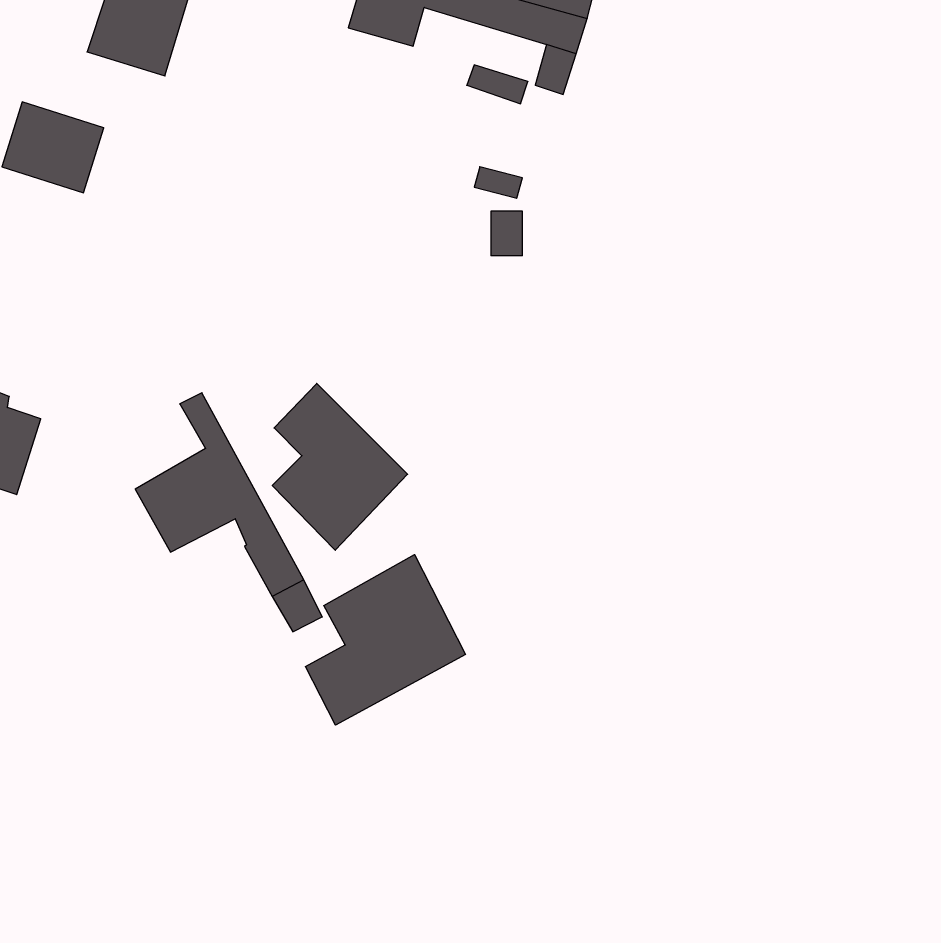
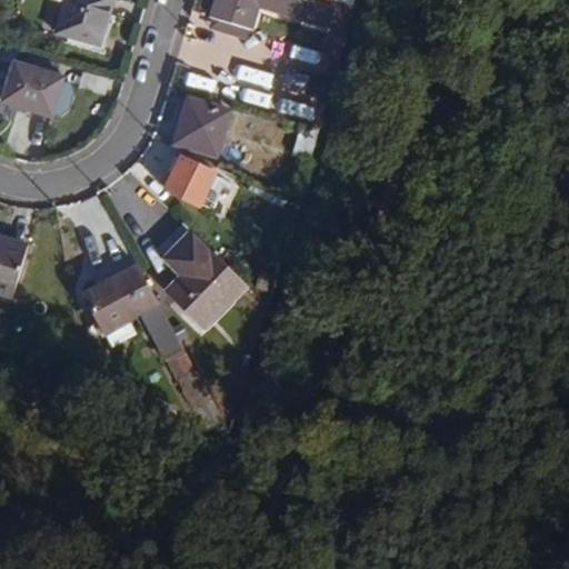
building: none -> [174,99,227,153]
building: none -> [163,154,226,210]
building: [305,555,465,725] -> none

